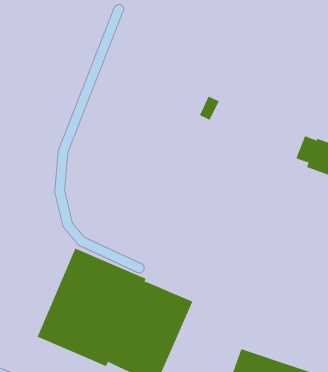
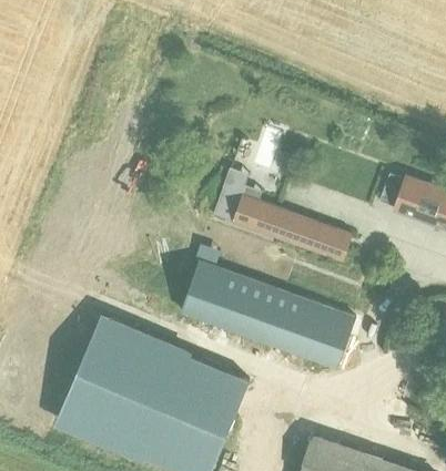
building: none -> [212,167,353,262]
building: none -> [181,262,357,369]

